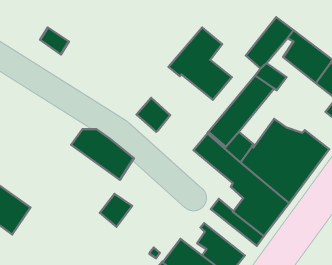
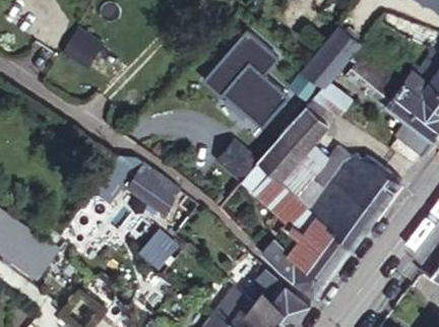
building: [136,98,170,132] -> [216,146,256,186]

